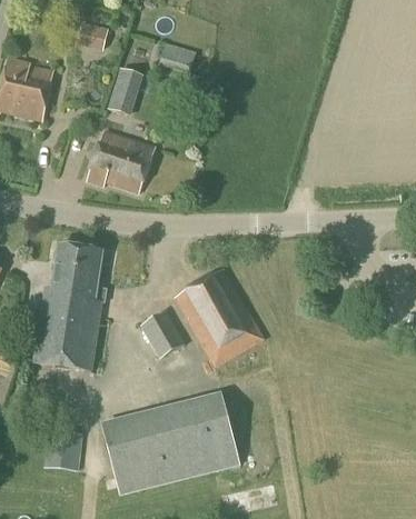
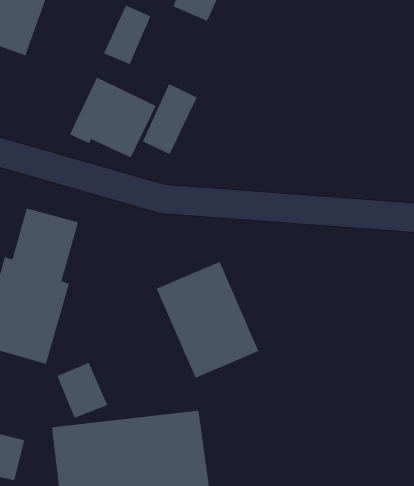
building: none -> [142,83,198,155]
building: [140,310,186,358] -> [56,362,108,419]

